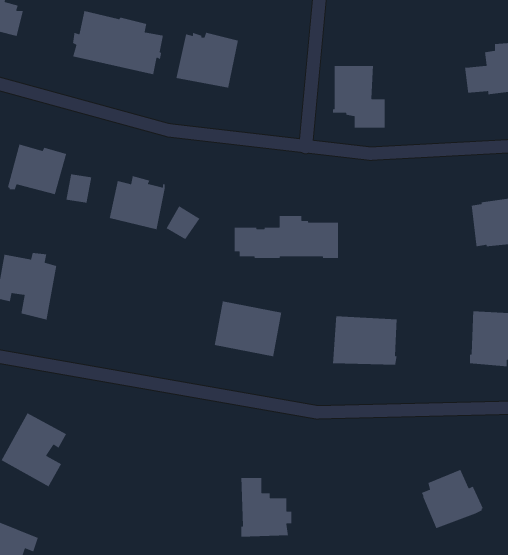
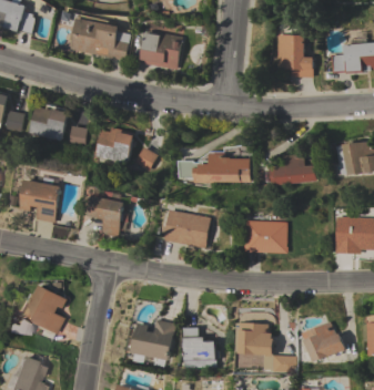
building: [332,65,386,129] -> [277,35,313,78]
building: none -> [266,154,315,187]
building: none -> [87,196,124,237]
building: none -> [127,320,174,360]
building: none -> [233,322,295,373]

